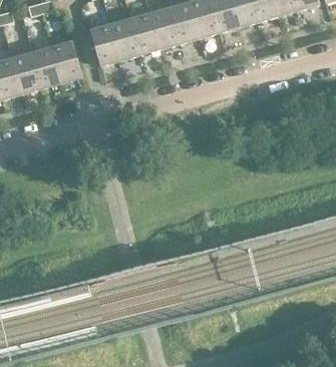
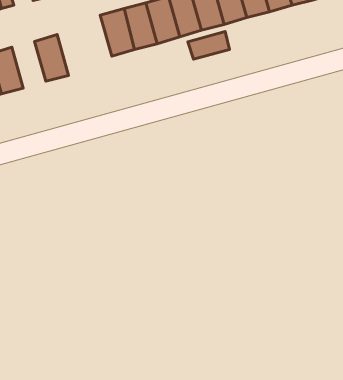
building: [52,41,82,83] -> none
building: none -> [188,32,230,59]
building: [12,53,42,94] -> none

